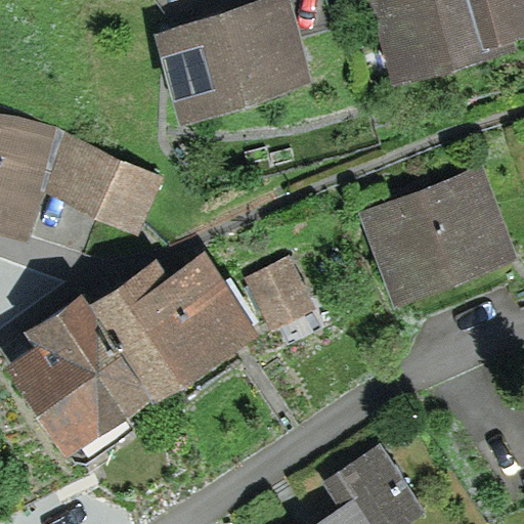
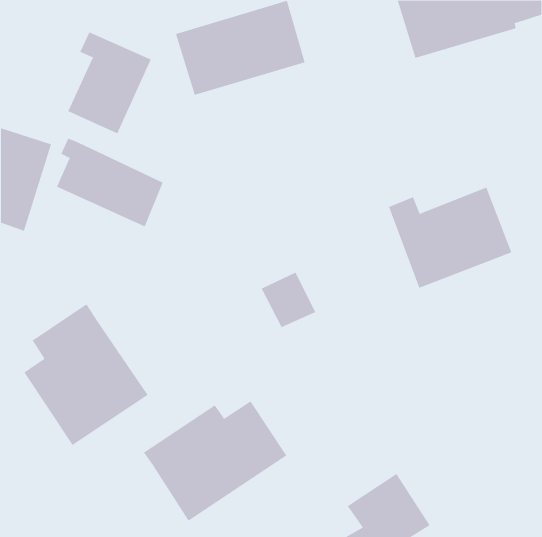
building: none -> [67,32,152,134]
building: [95,273,243,386] -> none
building: none -> [143,401,287,522]

